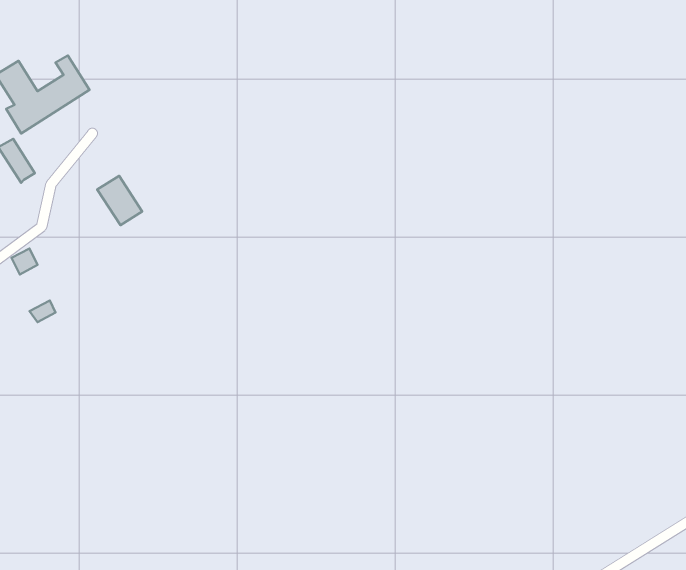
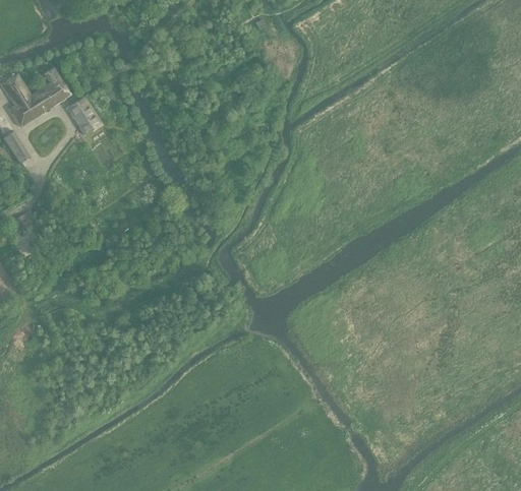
building: [97,176,142,225] -> [66,98,100,134]

